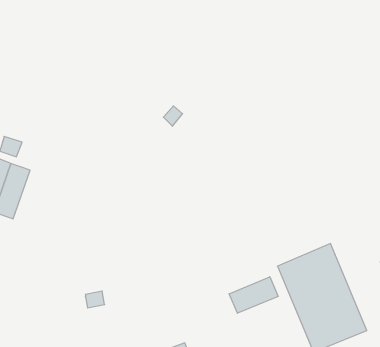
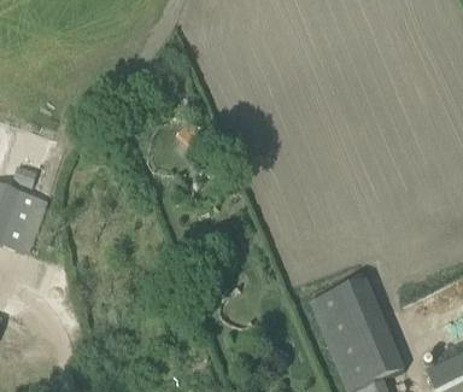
building: [229,277,278,313] -> none

